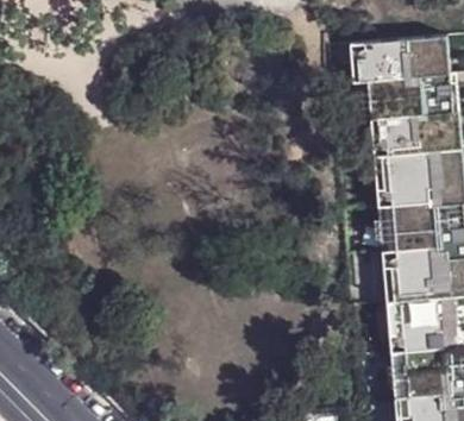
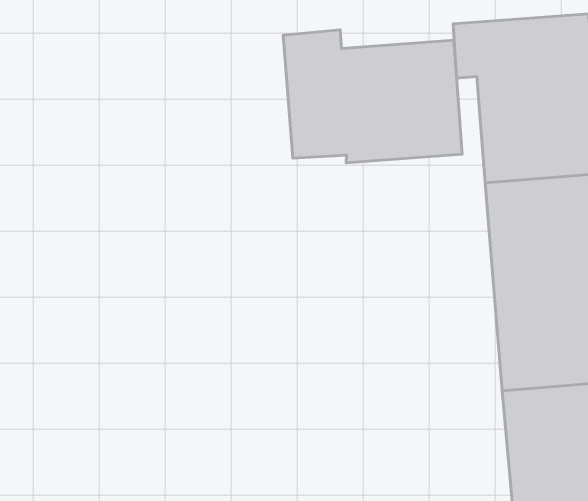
building: none -> [283,30,462,163]

